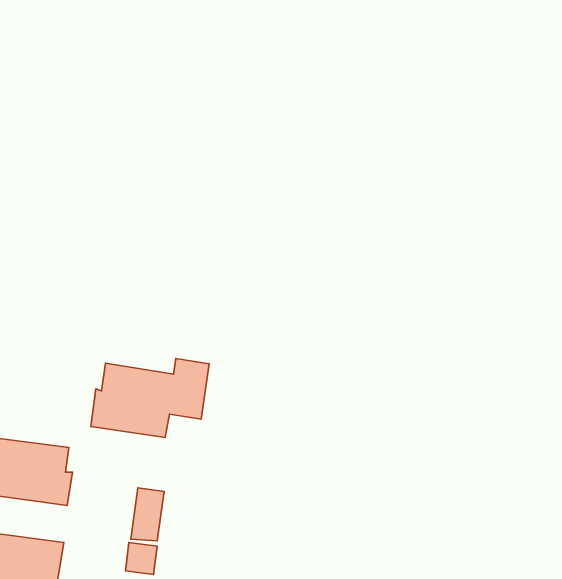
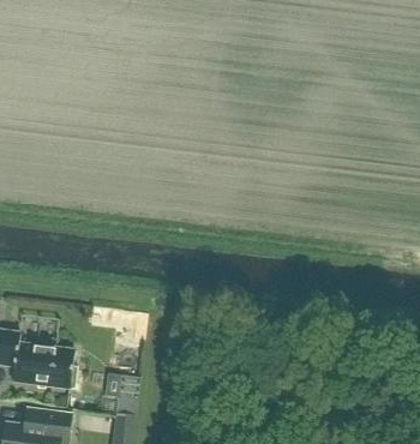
building: [91,359,209,438] -> none

